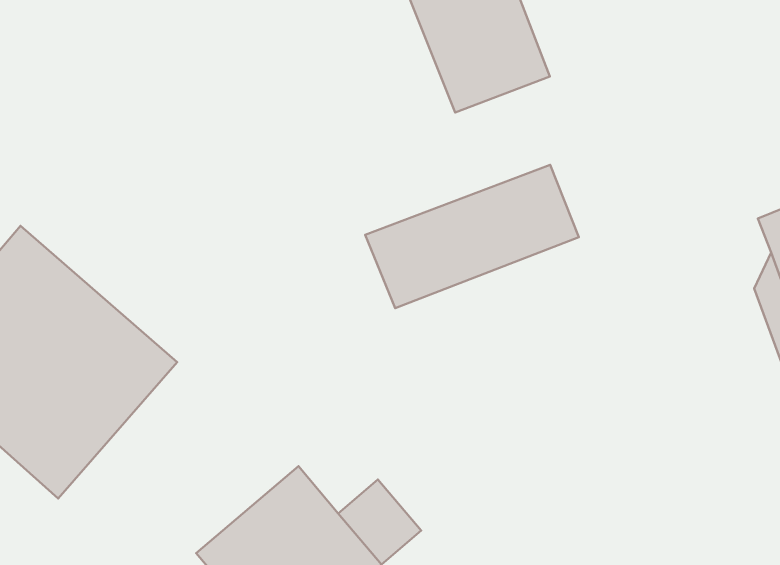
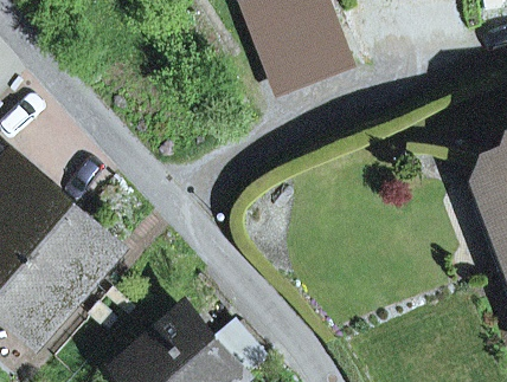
building: [365,165,579,308] -> none

